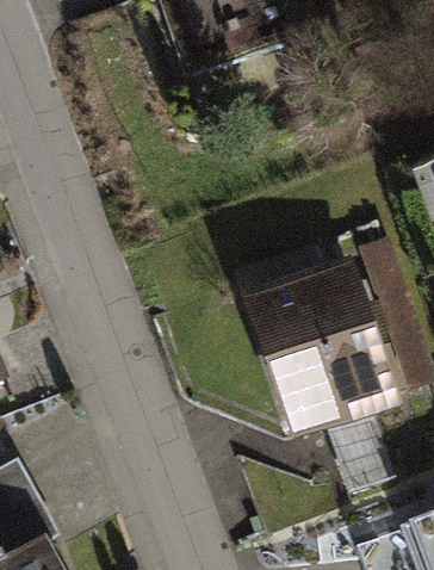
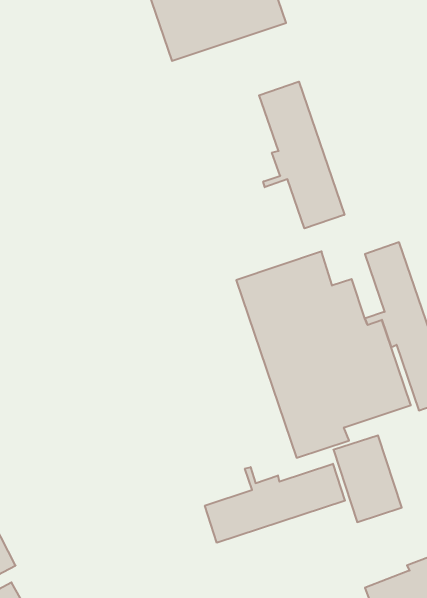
building: none -> [259,82,344,228]
building: none -> [205,464,345,543]

